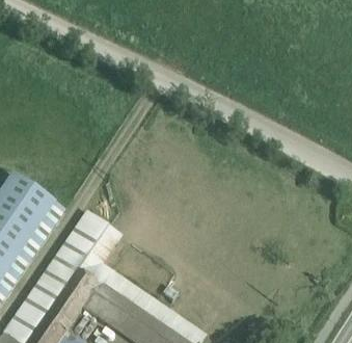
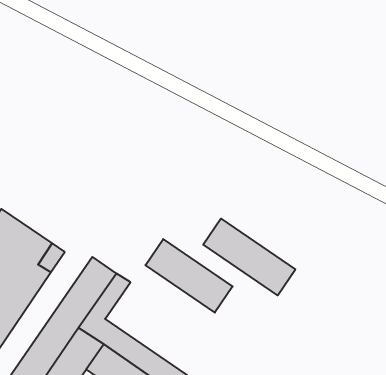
building: none -> [203,219,295,295]
building: none -> [145,239,233,313]

